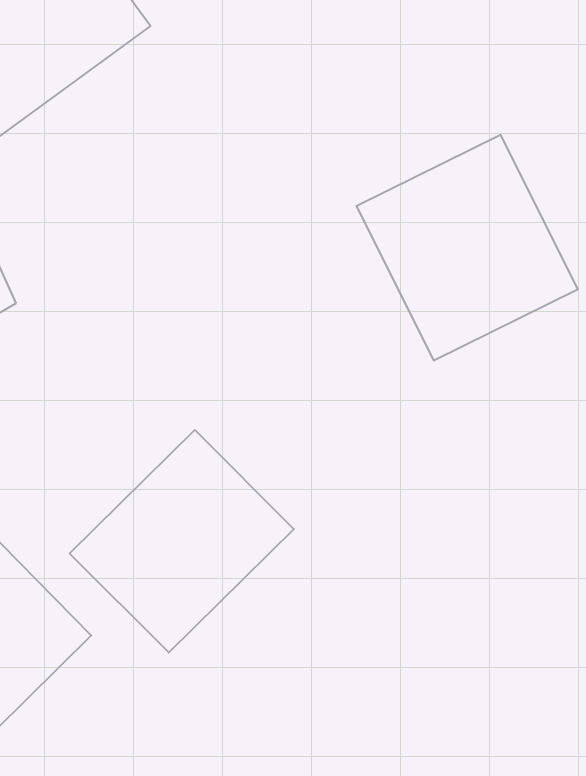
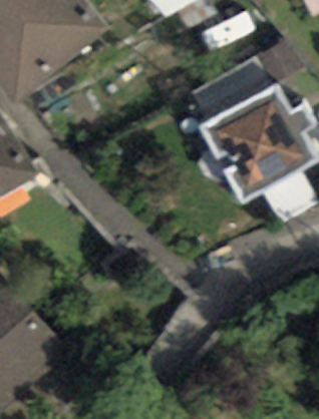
building: [70,430,294,653] -> none

